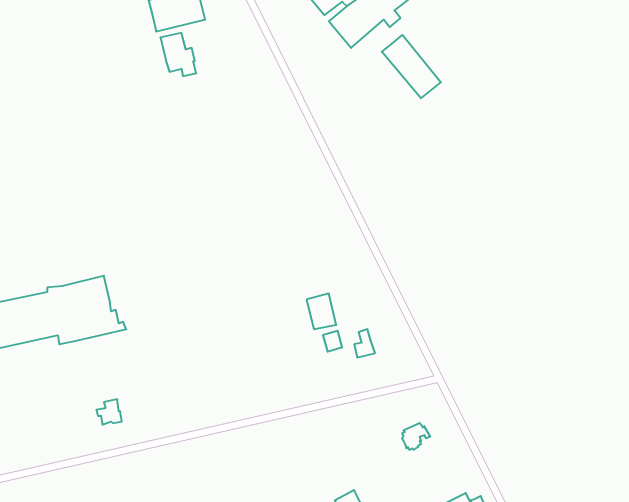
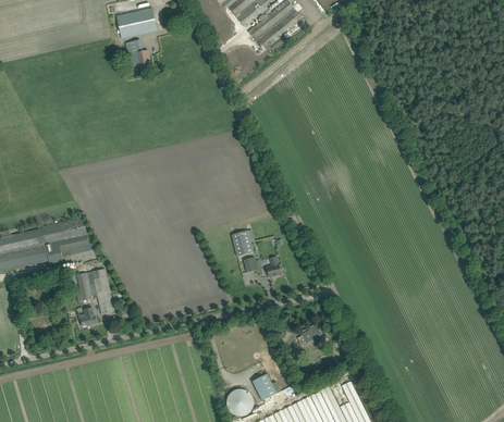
building: [382,35,441,98] -> none
building: none -> [75,269,114,314]

